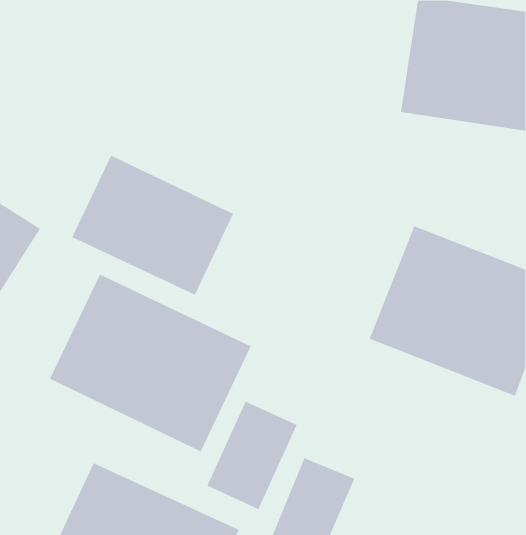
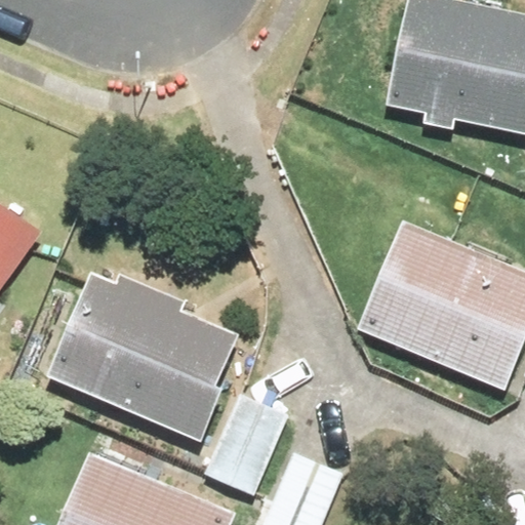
building: [72,155,234,295] -> none

